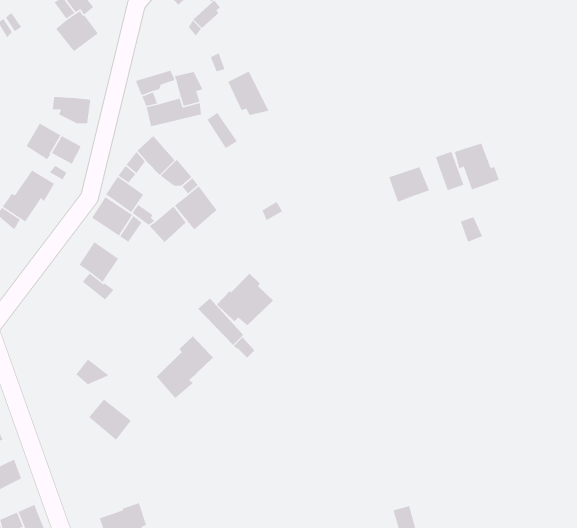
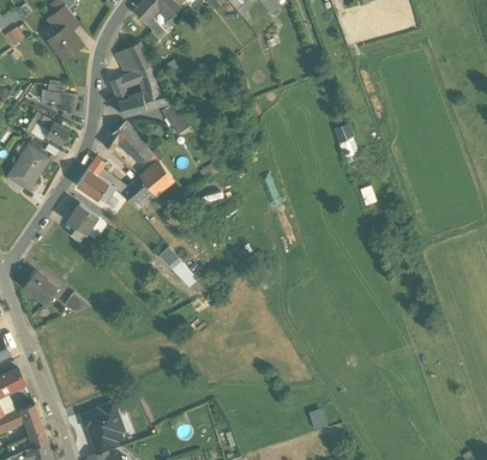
building: [227,71,269,116] -> [124,42,156,77]
building: [454,142,500,191] -> none
building: [388,166,430,203] -> none
building: [216,273,274,326] -> none
building: [156,335,214,399] -> none
building: [88,399,132,441] -> [24,273,58,305]

